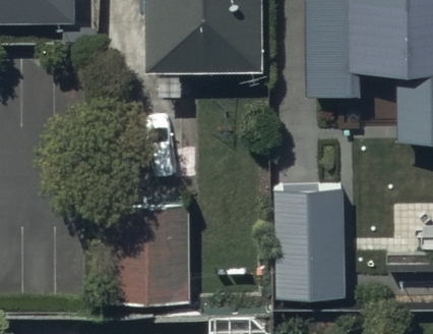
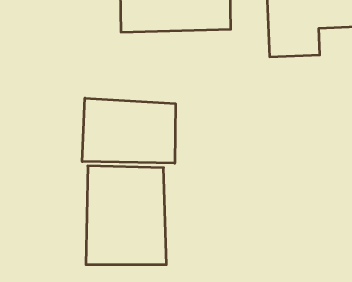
building: none -> [82,98,175,163]
building: [274,175,346,290] -> none

